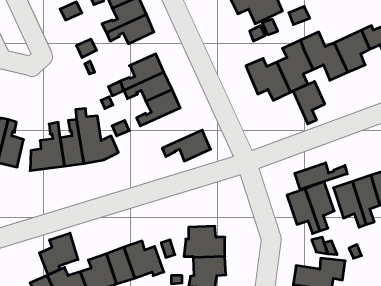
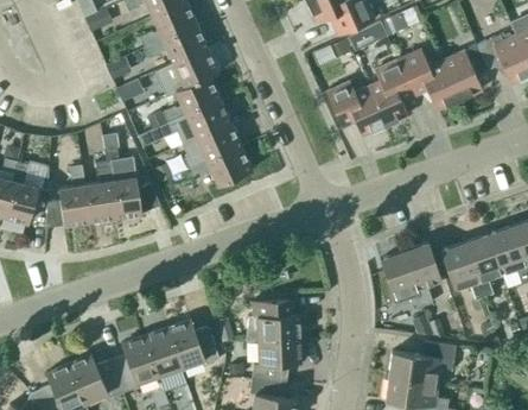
building: none -> [154,46,218,94]
building: [293,81,325,124] -> none
building: [162,130,211,161] -> [189,145,252,185]
building: [295,163,347,190] -> none
building: [39,233,78,275] -> none

